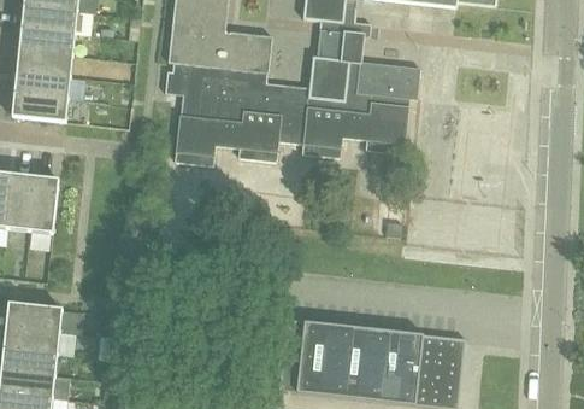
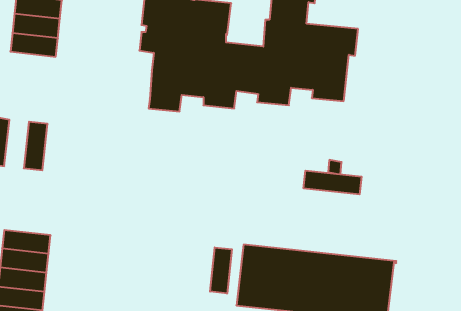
building: [12,94,67,122] -> none
building: [7,174,36,230] -> none
building: none -> [304,171,362,194]
building: none -> [210,247,232,294]

